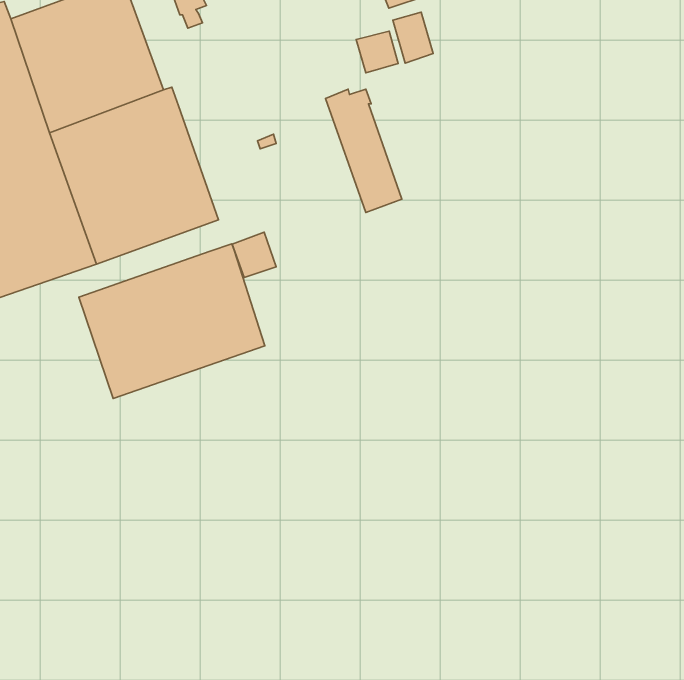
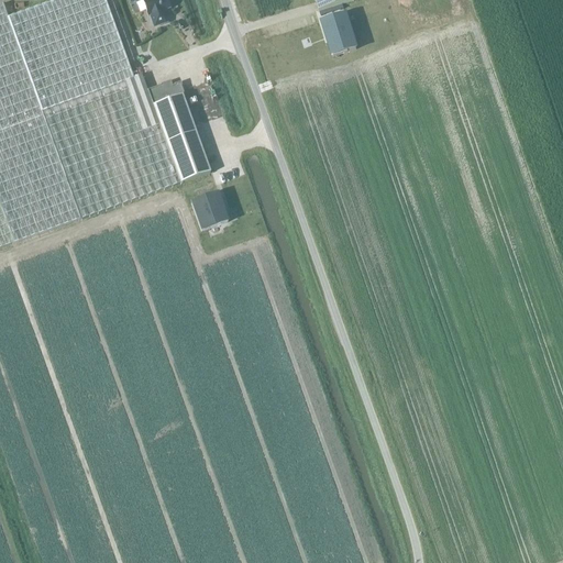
building: [356,31,398,73] -> none
building: [325,89,402,212] -> [146,79,209,180]
building: [79,244,265,398] -> none

